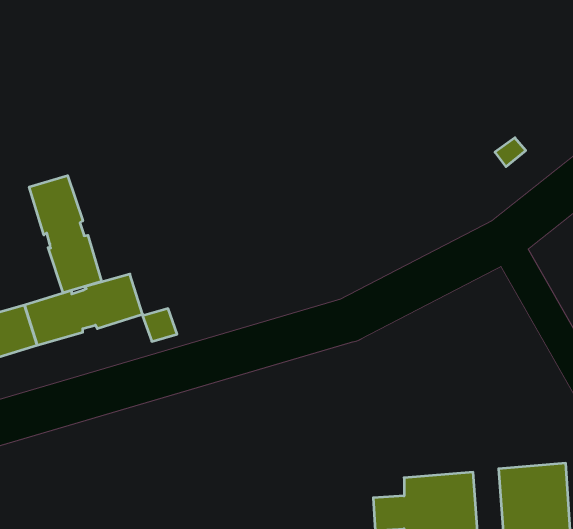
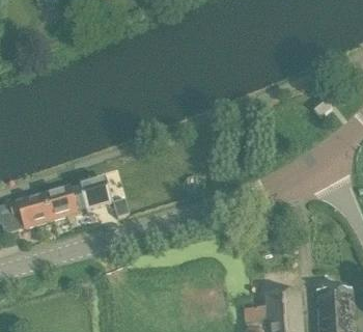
building: [29,176,102,293] -> none

